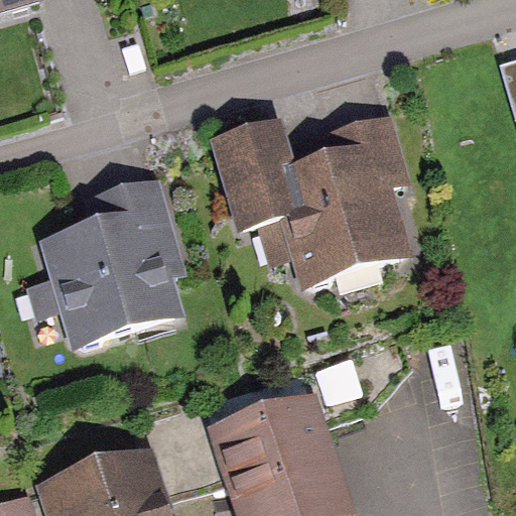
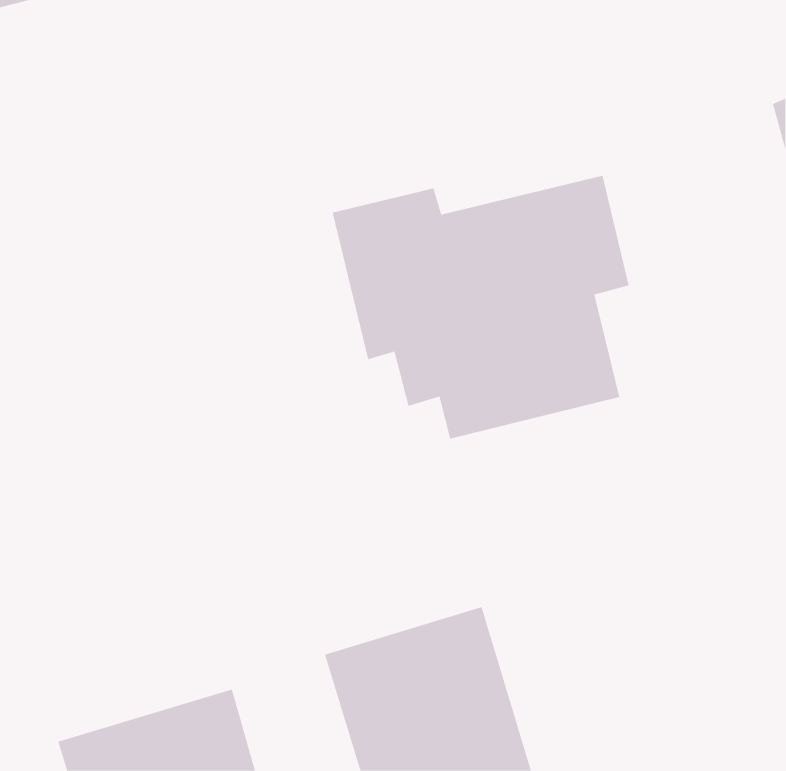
building: [22,177,185,346] -> none

